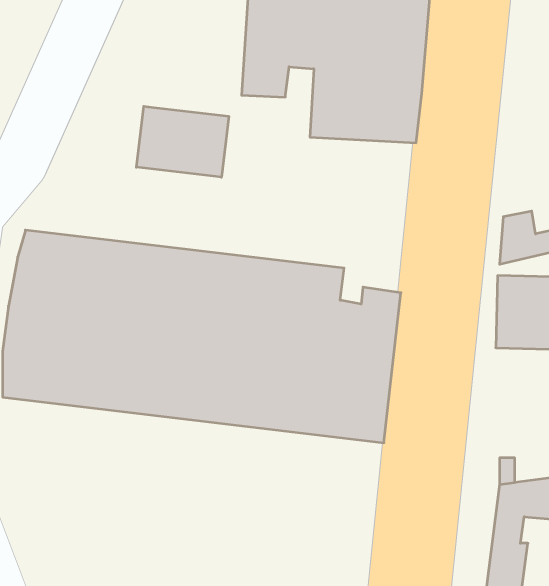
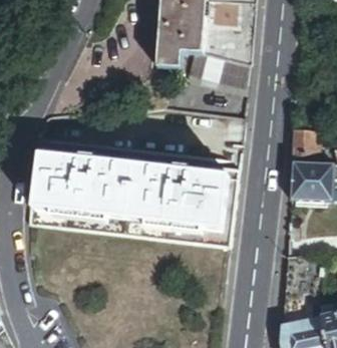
building: [136,106,229,177] -> none

